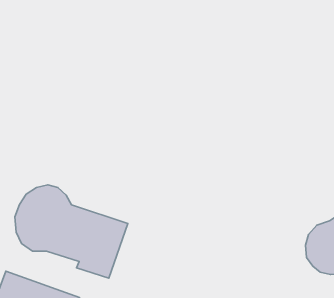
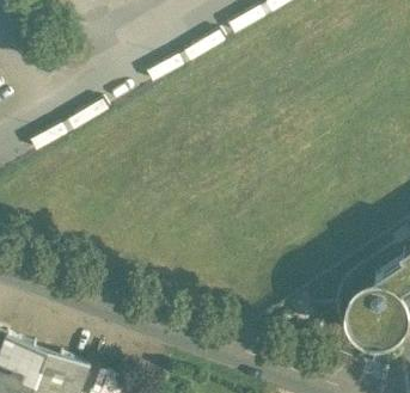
building: [15,185,128,278] -> none

